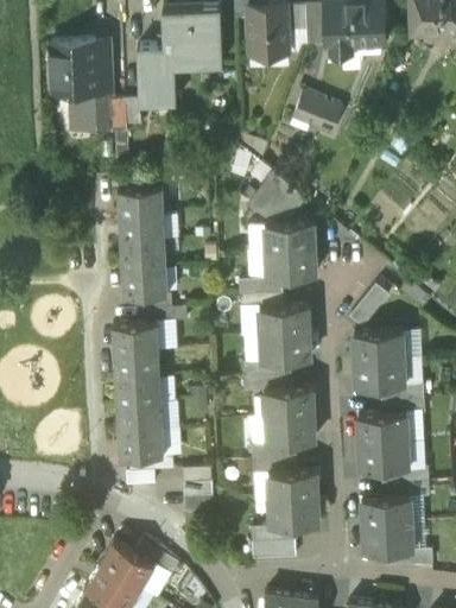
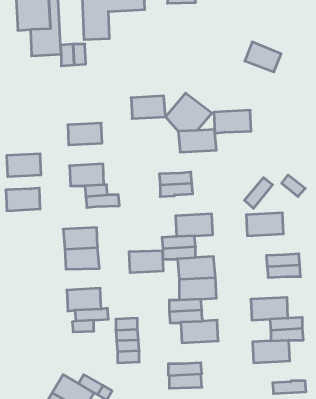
building: [293,91,341,131] -> [245,42,281,72]
building: [119,184,164,214] -> [131,96,166,119]
building: [121,238,166,267] -> [7,154,41,177]
building: [267,247,316,277] -> [214,110,251,133]
building: [260,303,309,332] -> none
building: [113,321,158,350] -> [6,188,40,211]
building: [355,356,404,386] -> none
building: [118,401,163,430] -> [129,251,163,273]
building: [359,412,407,442] -> none
building: [270,496,318,526] -> none
building: [363,522,412,552] -> none

